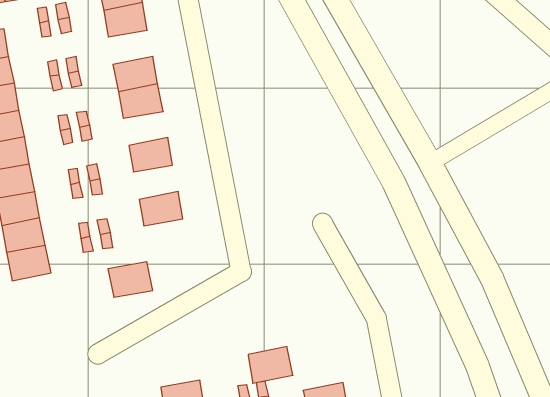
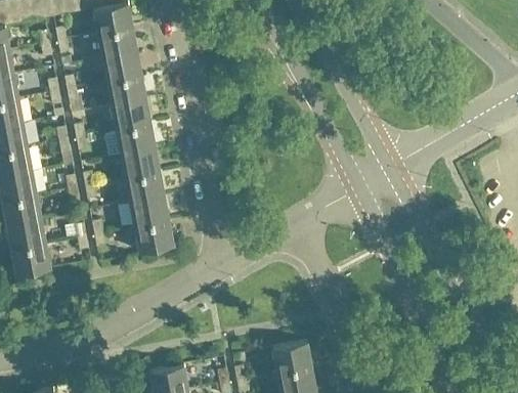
building: none -> [102,53,142,84]
building: none -> [116,126,156,157]
building: none -> [125,174,165,205]
building: [108,262,153,297] -> [134,222,174,254]
building: [248,347,293,383] -> [272,343,312,376]

